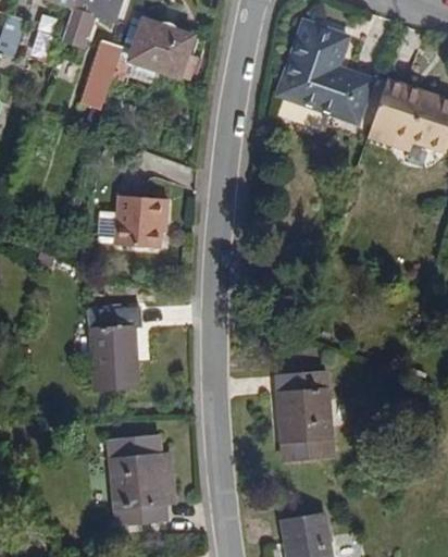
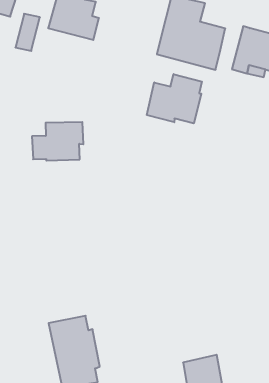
building: none -> [147,74,202,123]
building: [97,310,155,394] -> none
building: [267,361,328,451] -> none

